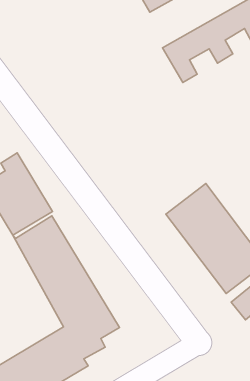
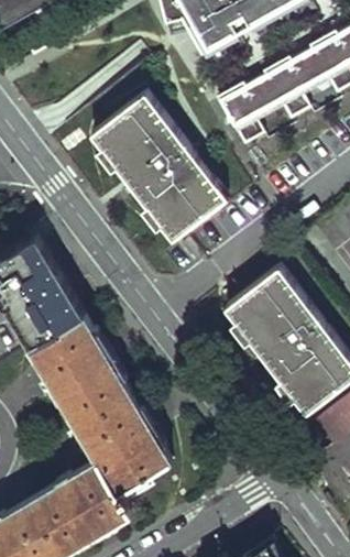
building: none -> [92,98,223,240]

